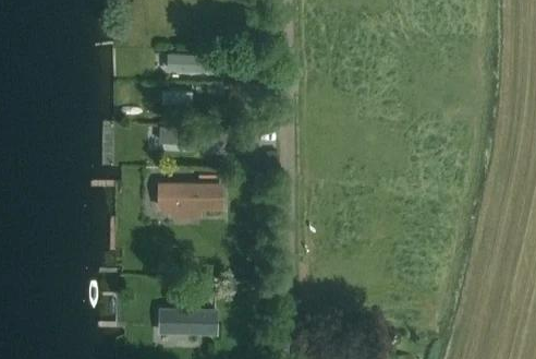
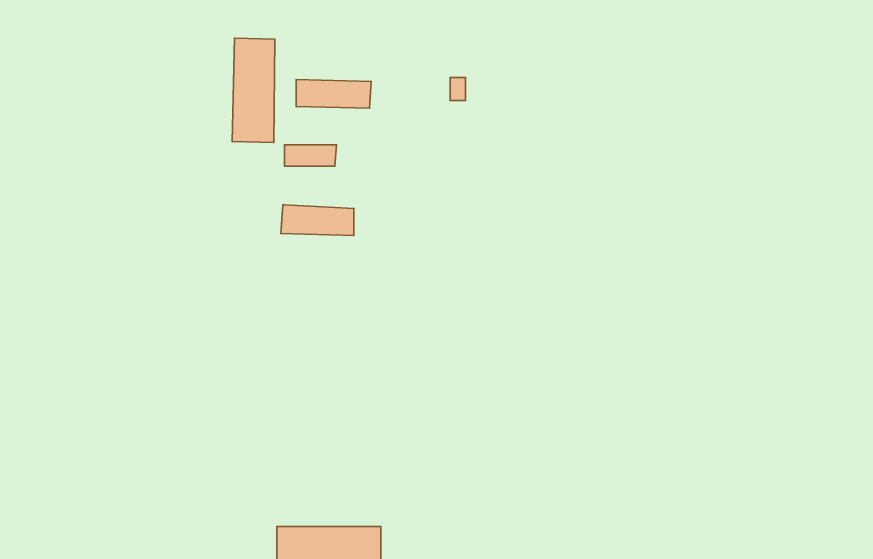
building: none -> [232,38,275,143]
building: [158,186,221,207] -> none

